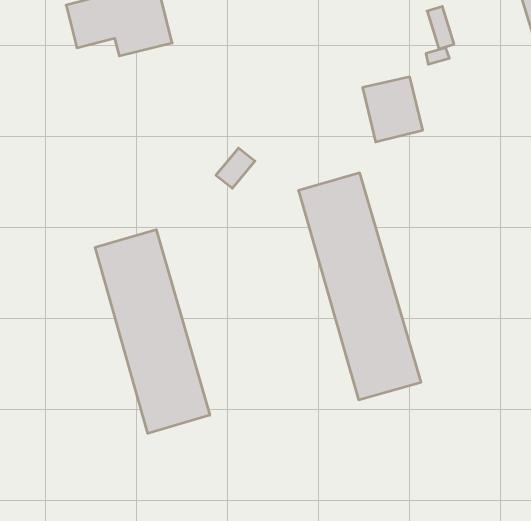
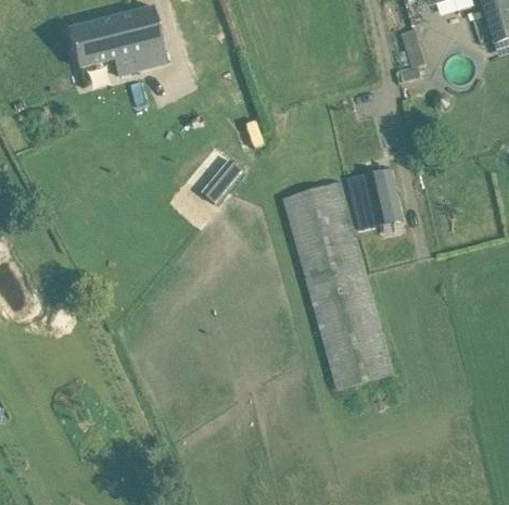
building: [363,77,423,142] -> [347,168,403,228]
building: [95,230,210,433] -> none

